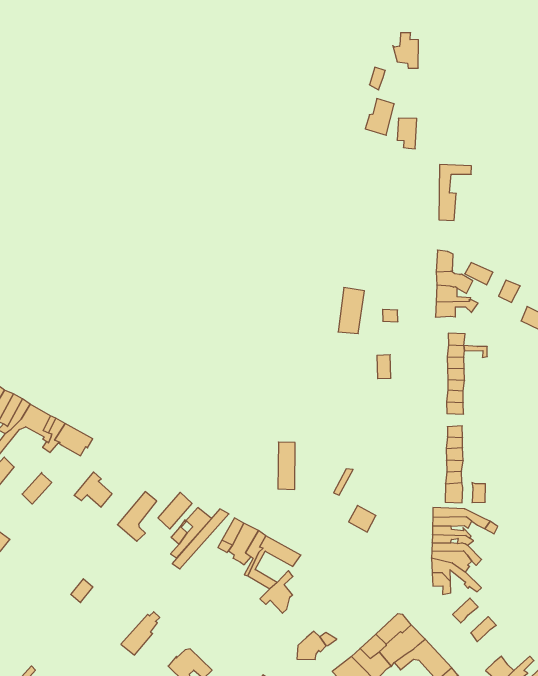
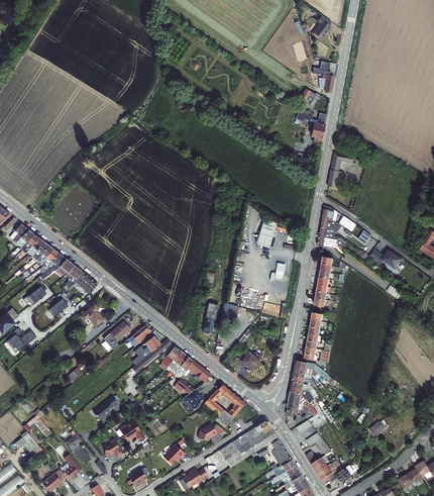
building: none -> [204,384,245,427]

